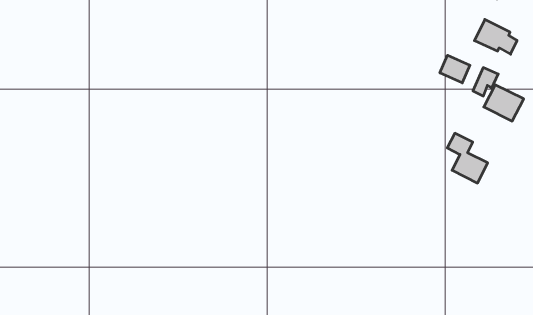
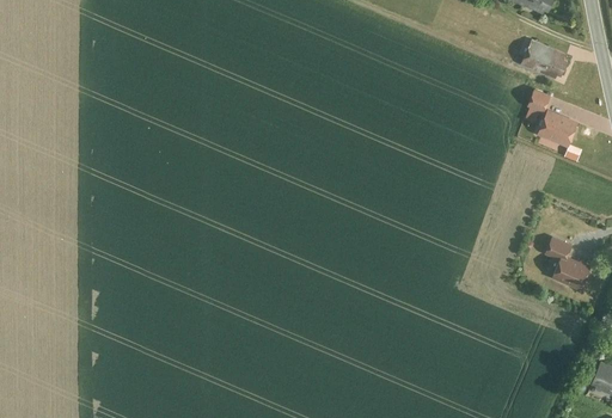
building: [440,55,470,83] -> none
building: [447,133,488,183] -> [545,238,590,290]

